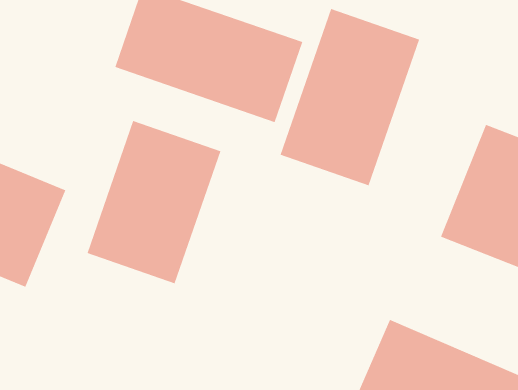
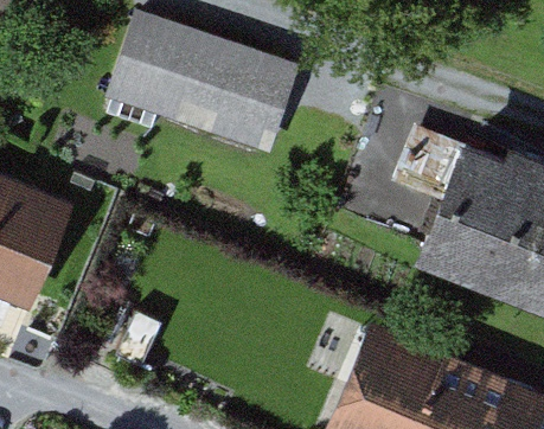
building: [280,8,420,186] -> none
building: [87,120,221,284] -> none

